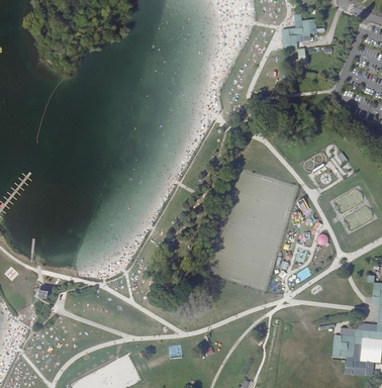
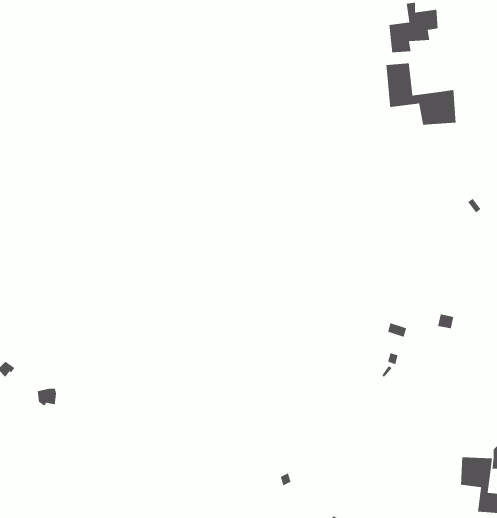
building: none -> [386,62,456,126]

